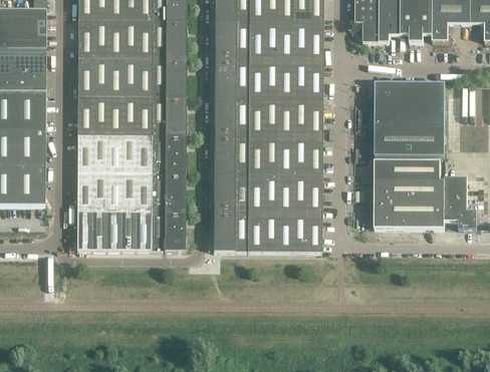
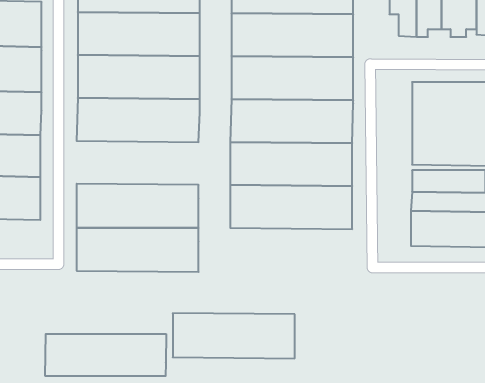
building: [77,133,186,172] -> none
building: [214,211,322,251] -> [173,313,295,358]
building: none -> [45,334,166,376]

